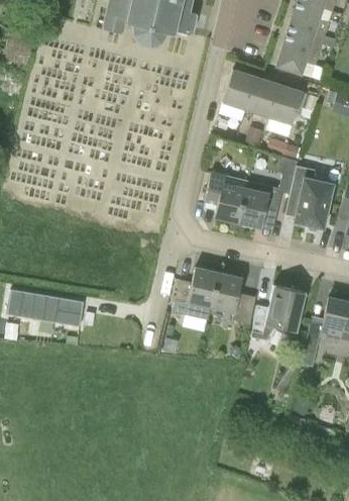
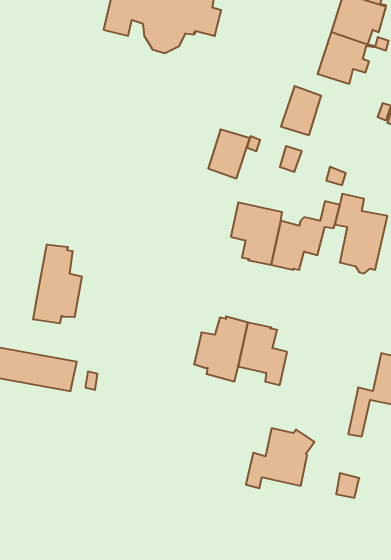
building: [224,70,258,110] -> [208,129,250,178]
building: [270,85,304,124] -> none
building: none -> [33,244,82,323]
building: [253,285,310,334] -> [246,428,314,488]

